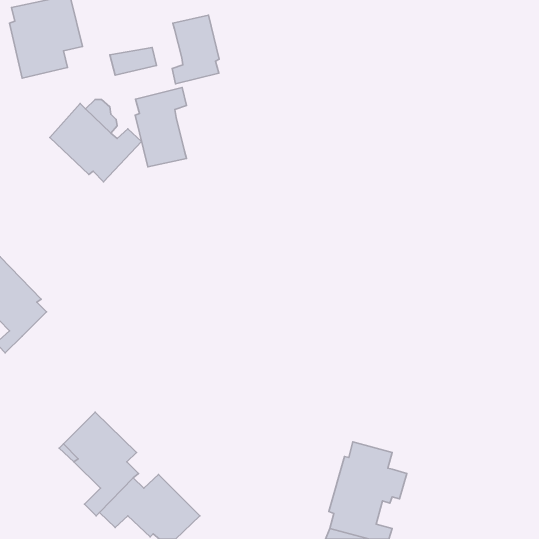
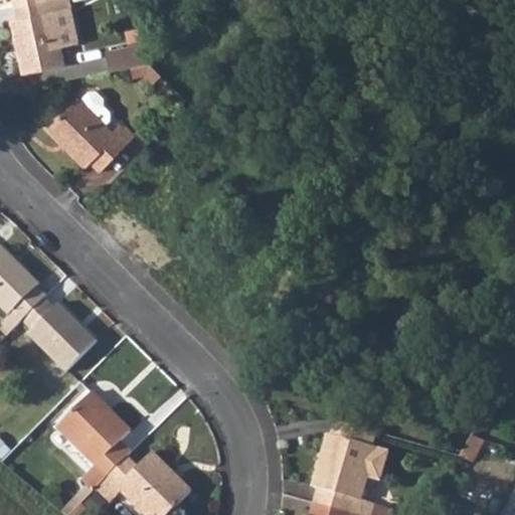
building: [172,15,219,84] -> none
building: [135,88,187,167] -> none
building: none -> [21,297,97,372]

